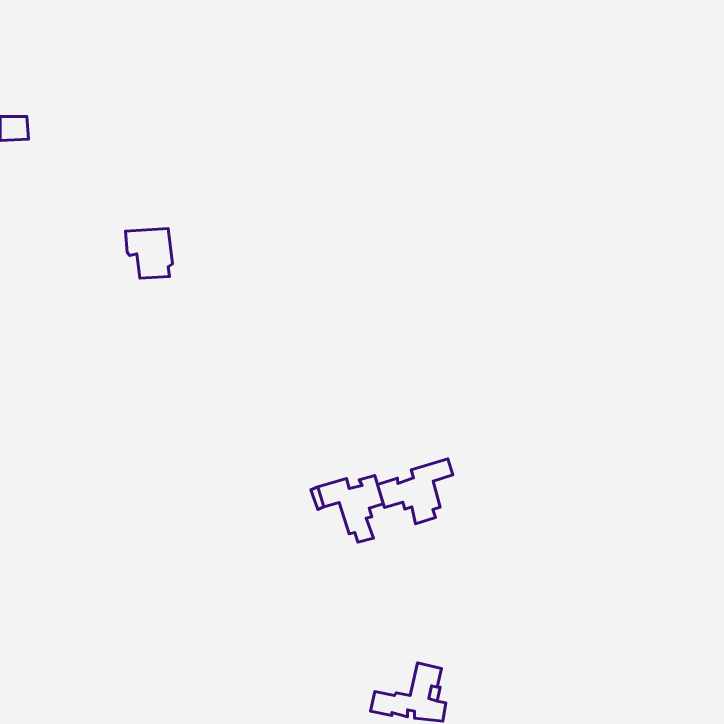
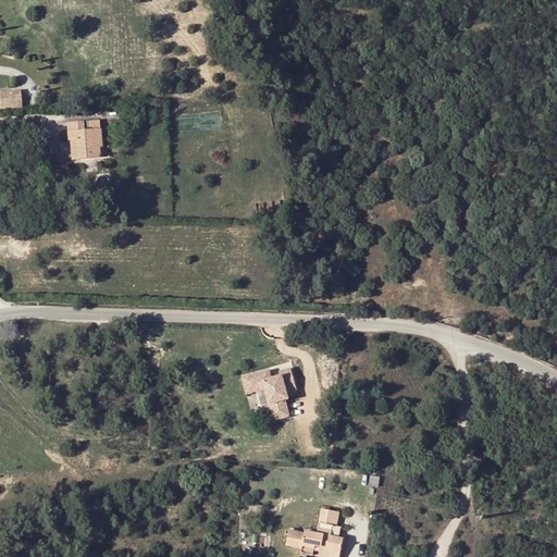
building: [126,228,172,278] -> [67,121,103,159]
building: [378,459,453,524] -> none

